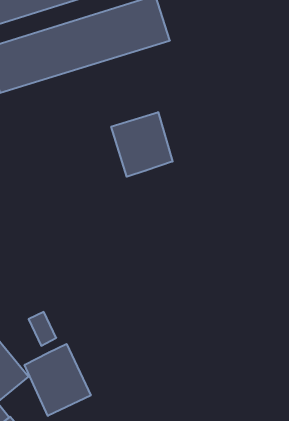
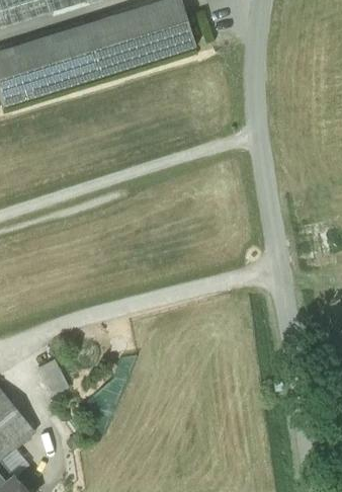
building: [111,112,173,177] -> none
building: [25,344,91,416] -> none

